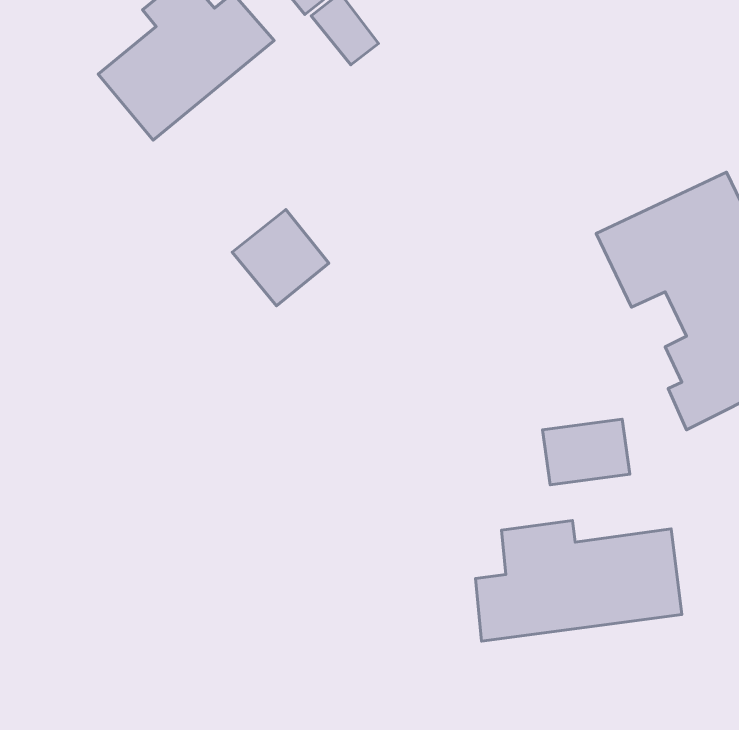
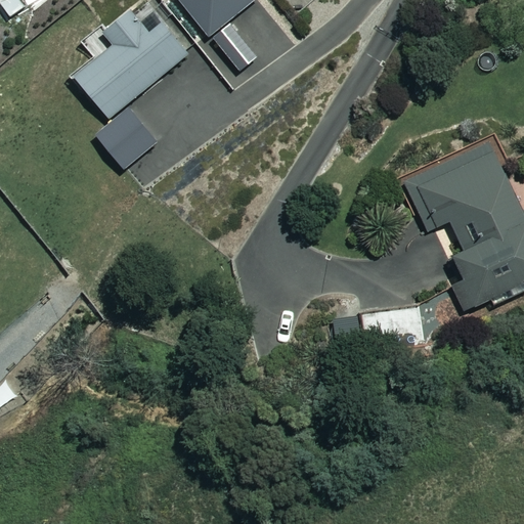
building: [232,209,329,306] -> [93,105,158,170]
building: [475,521,682,641] -> none

